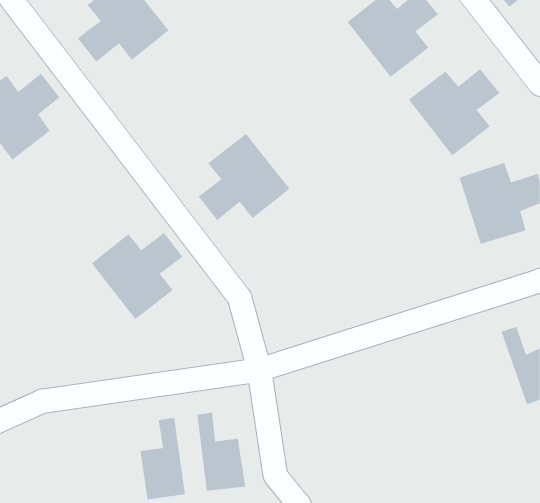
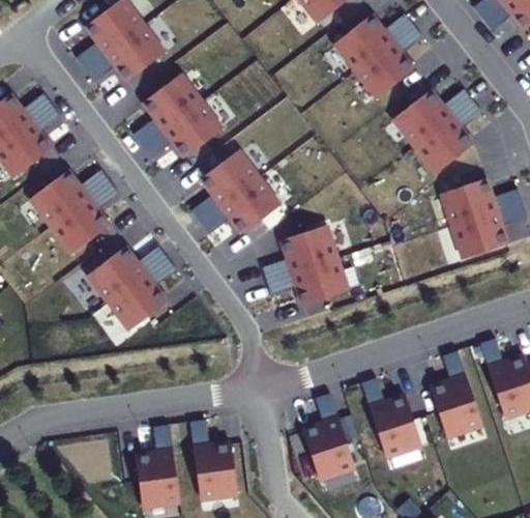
building: none -> [134,75,223,160]
building: none -> [30,169,119,253]
building: none -> [261,226,347,306]
building: none -> [431,350,481,434]
building: none -> [355,379,415,456]
building: none -> [304,393,355,477]

